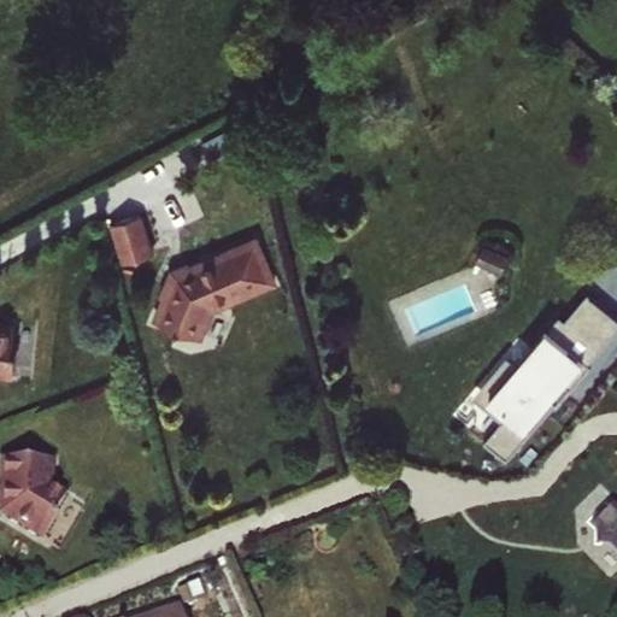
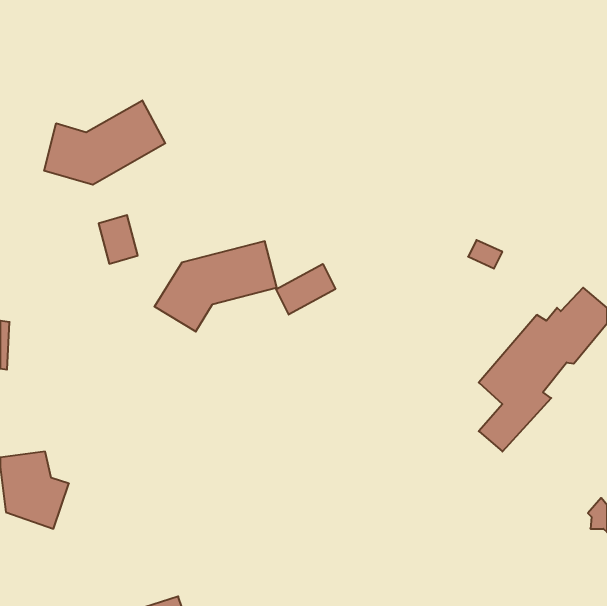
building: none -> [44,100,165,185]
building: none -> [276,264,335,315]

